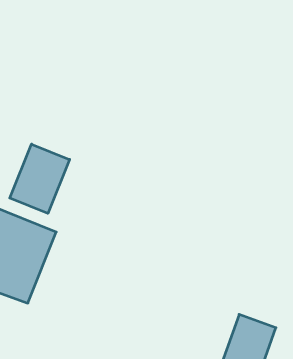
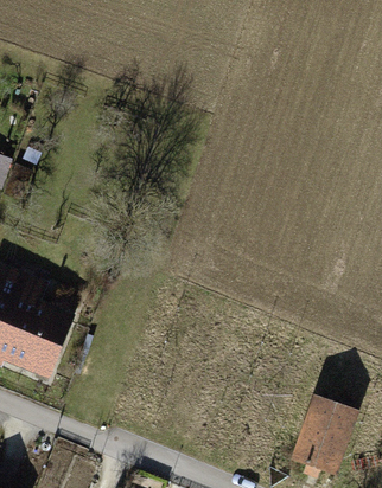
building: [10,144,70,213] -> none

